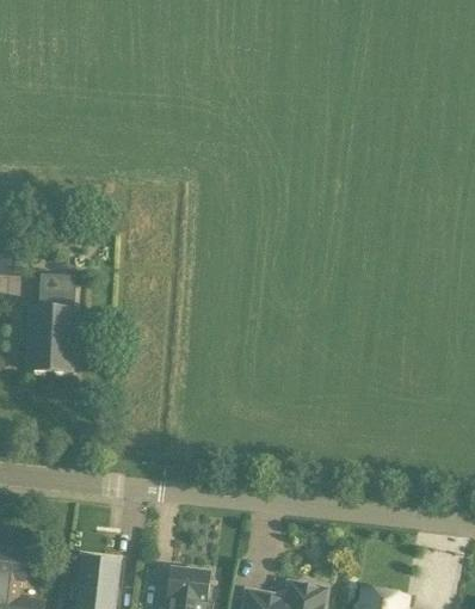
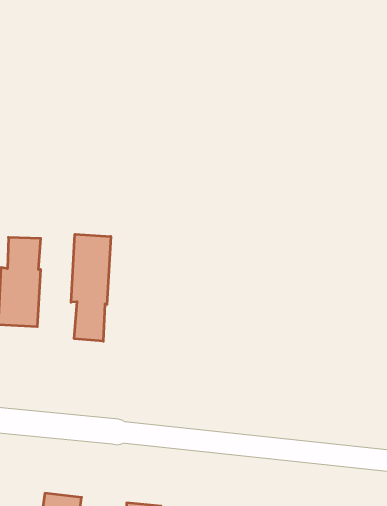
building: none -> [71,234,111,341]

